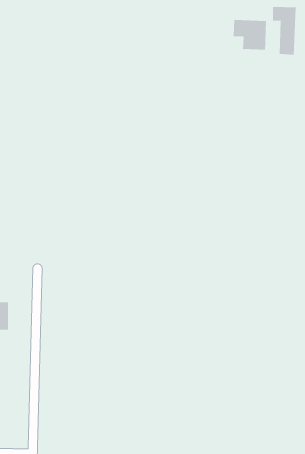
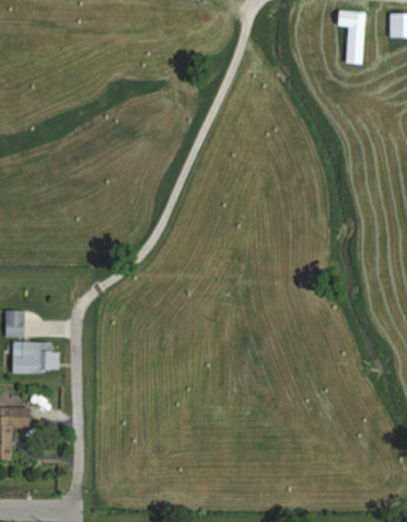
building: [233,19,267,50] -> none

